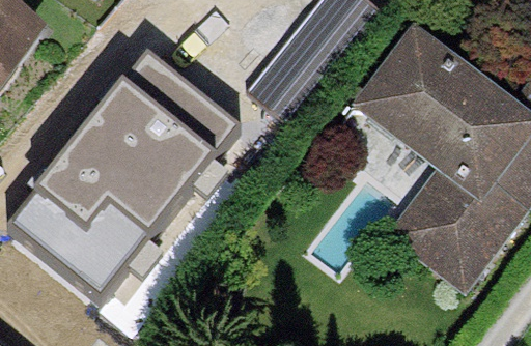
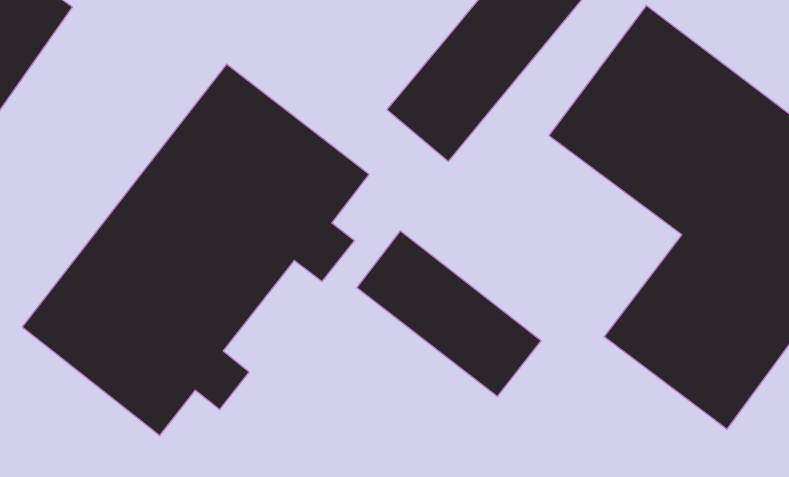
building: none -> [357,231,541,396]

